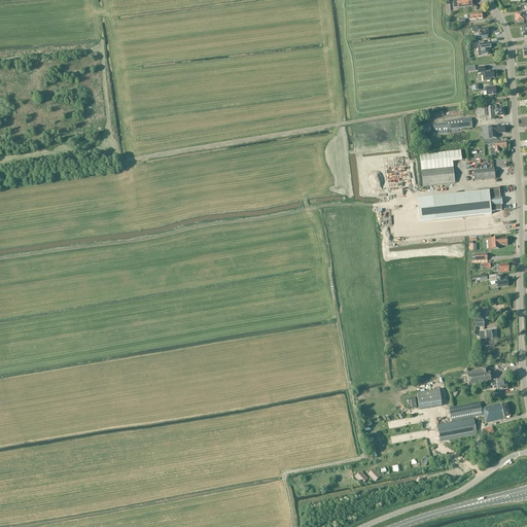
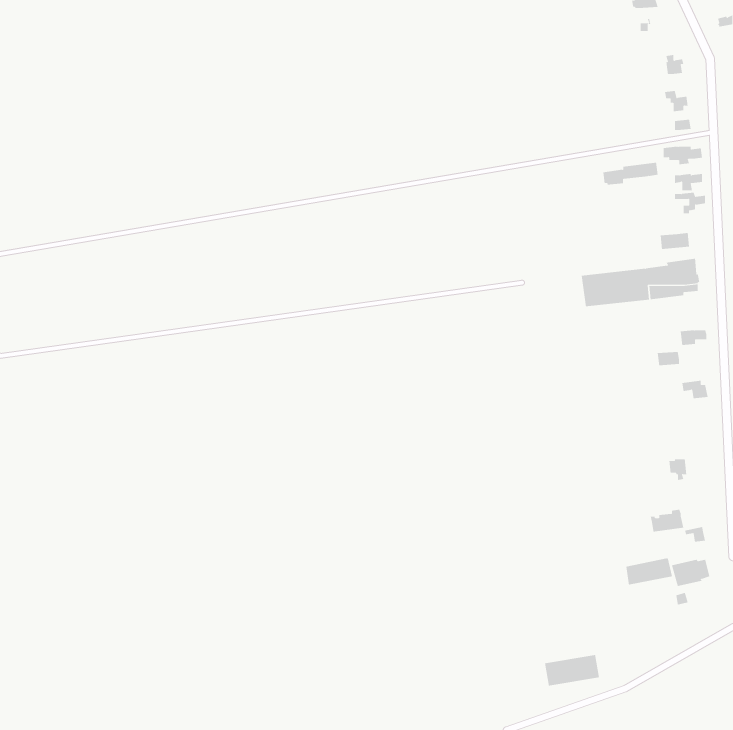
building: [420,149,461,184] -> none
building: [417,388,442,408] -> none
building: [436,417,477,440] -> [544,655,600,686]

